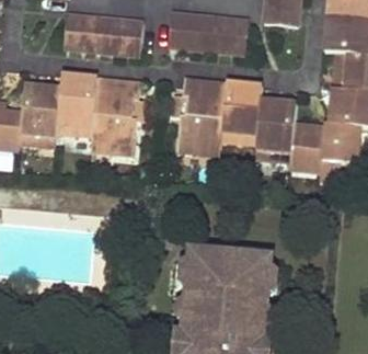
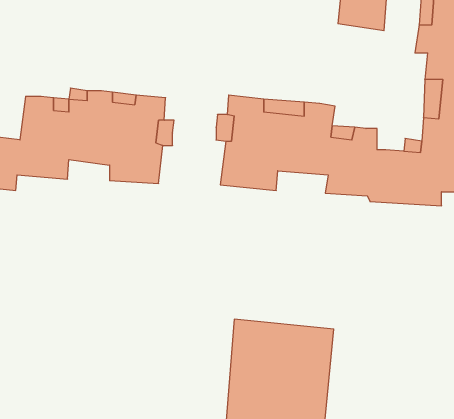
building: [62,12,141,50] -> none
building: [168,13,250,55] -> none

